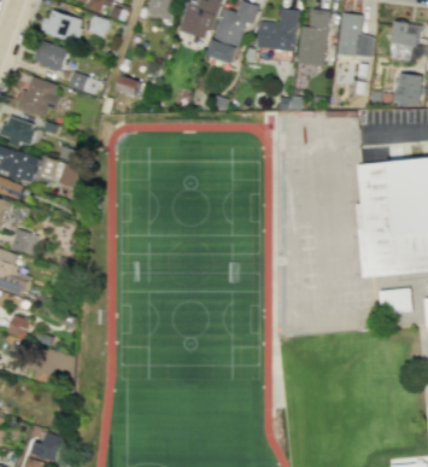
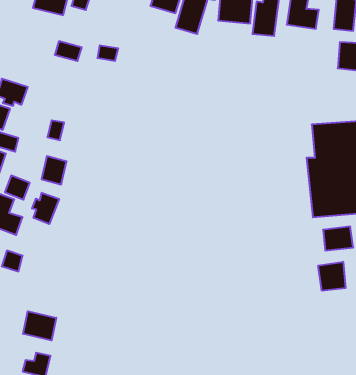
building: [31,39,68,71] -> none
building: [16,75,60,117] -> none
building: [10,150,39,182] -> [42,156,67,184]
building: none -> [32,193,59,224]
building: none -> [318,262,346,291]
building: none -> [23,311,56,340]

